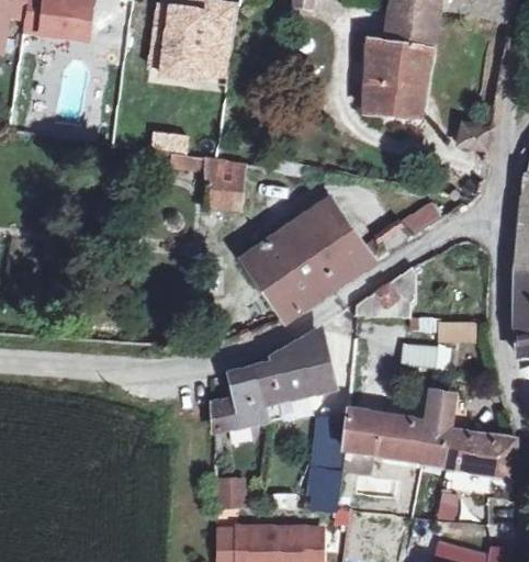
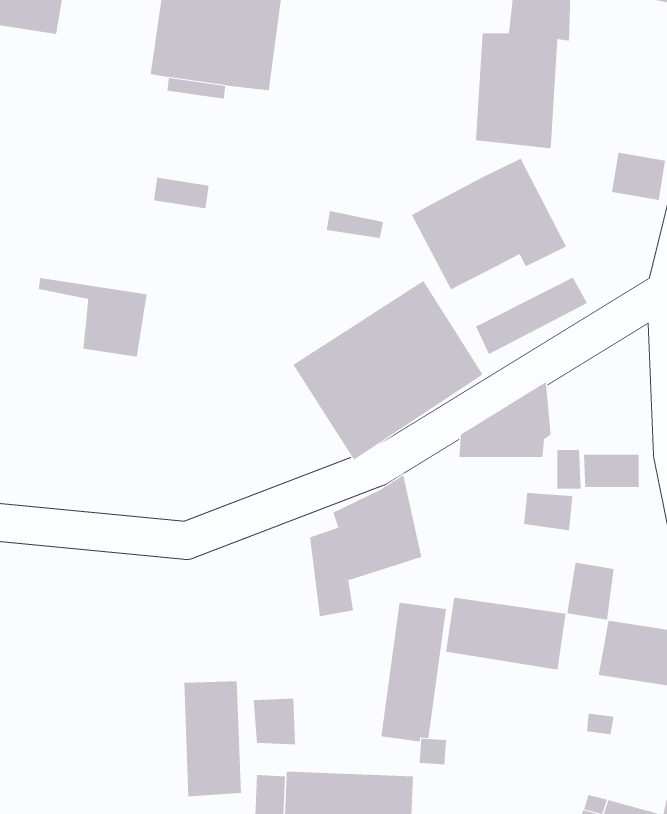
building: none -> [411,158,567,290]
building: [170,155,243,207] -> [38,278,147,357]
building: [215,372,262,432] -> none
building: [420,423,453,463] -> none
building: none -> [184,680,242,797]

